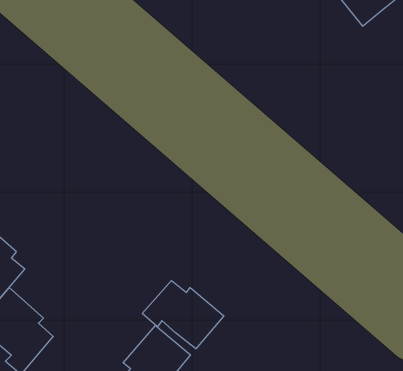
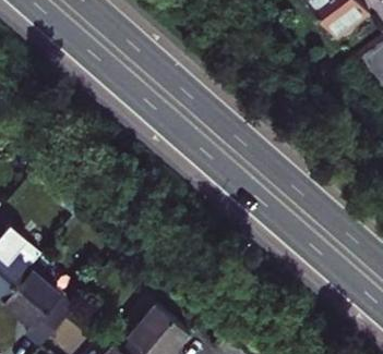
building: [142,281,224,349] -> none

